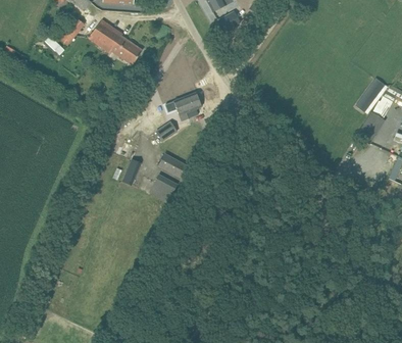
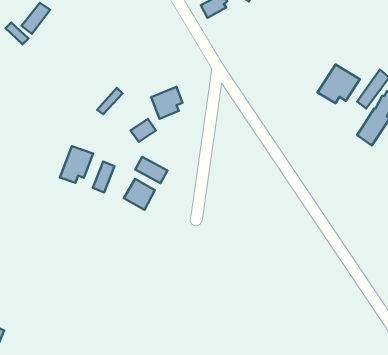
building: [89,19,142,64] -> none
building: none -> [317,65,360,103]
building: none -> [60,146,93,183]

